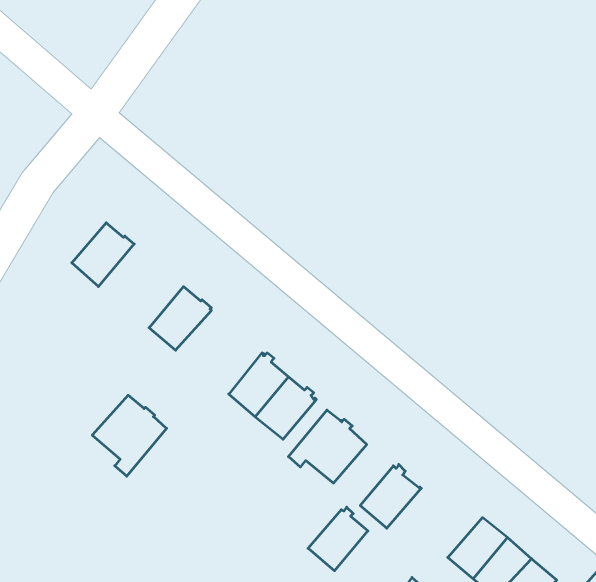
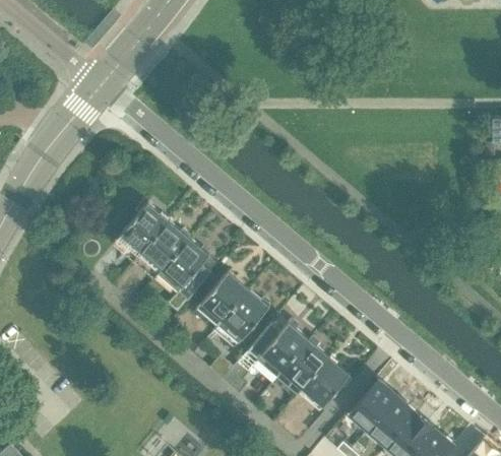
building: [72,223,134,287] -> [121,206,169,255]
building: [92,395,167,476] -> [162,242,218,304]
building: none -> [351,383,396,431]
building: [308,507,368,571] -> [283,342,328,391]

